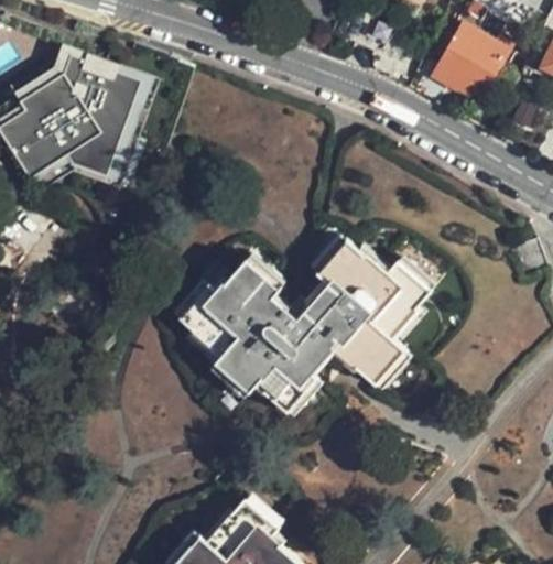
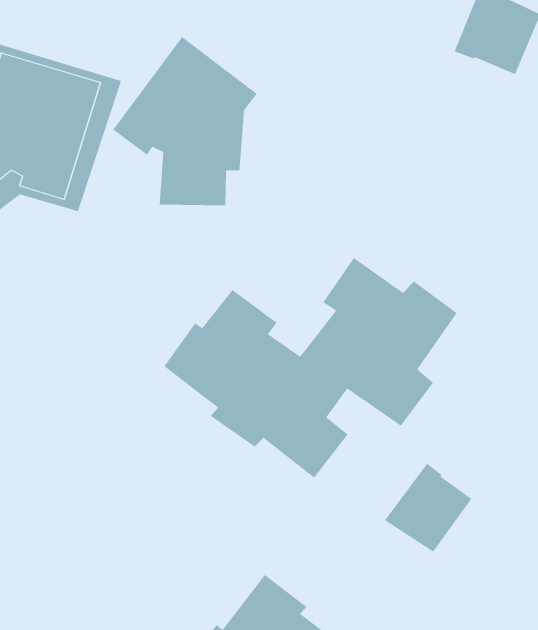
building: none -> [113,36,258,206]
building: none -> [384,463,472,552]

